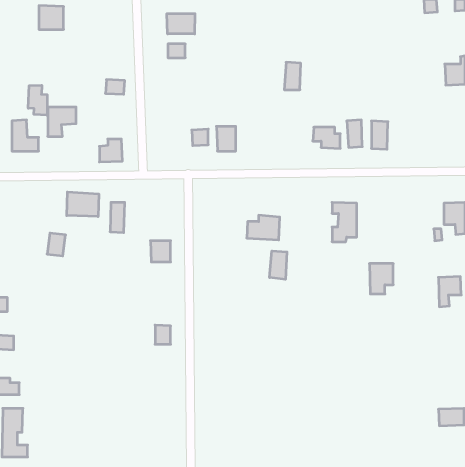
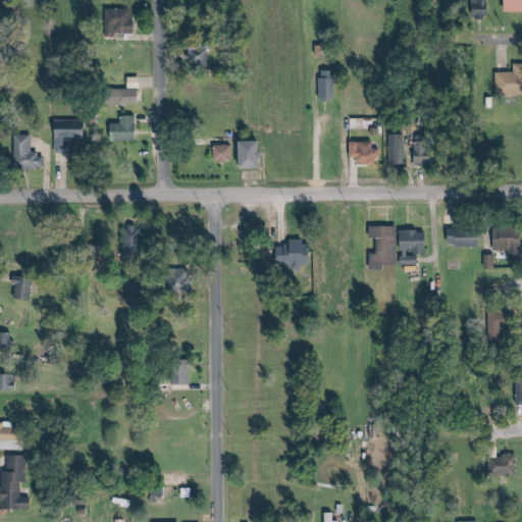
building: [39,6,64,29] -> [104,7,132,34]
building: [167,14,195,34] -> none
building: [28,85,47,115] -> none
building: [99,139,122,162] -> [110,115,136,141]
building: [67,192,99,217] -> none
building: none -> [448,229,479,246]
building: [47,233,66,256] -> [11,274,32,300]
building: [270,251,287,279] -> none
building: [369,264,393,294] -> [400,230,426,264]

